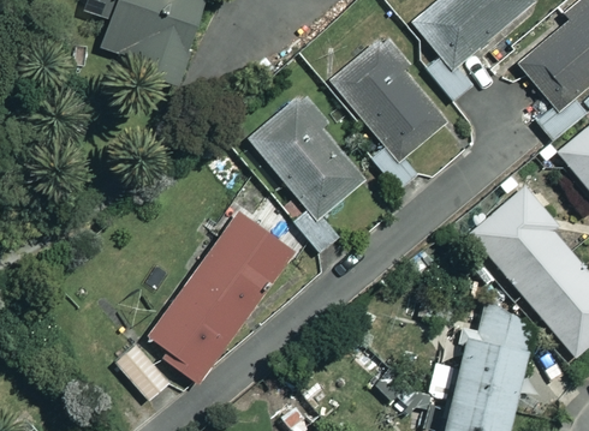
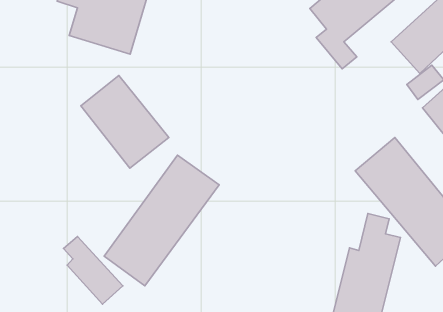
building: [332,43,445,161] -> none
building: [251,97,365,217] -> [81,75,169,168]

